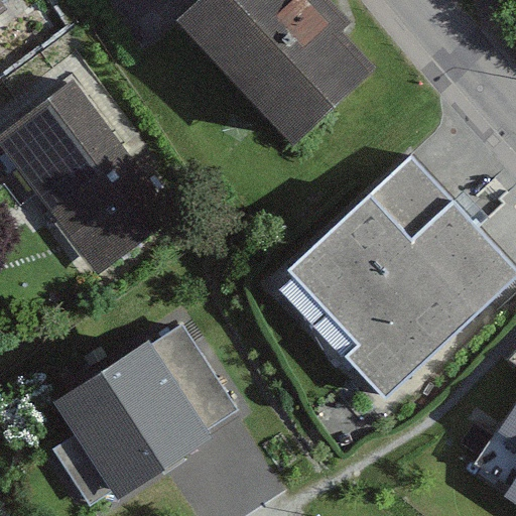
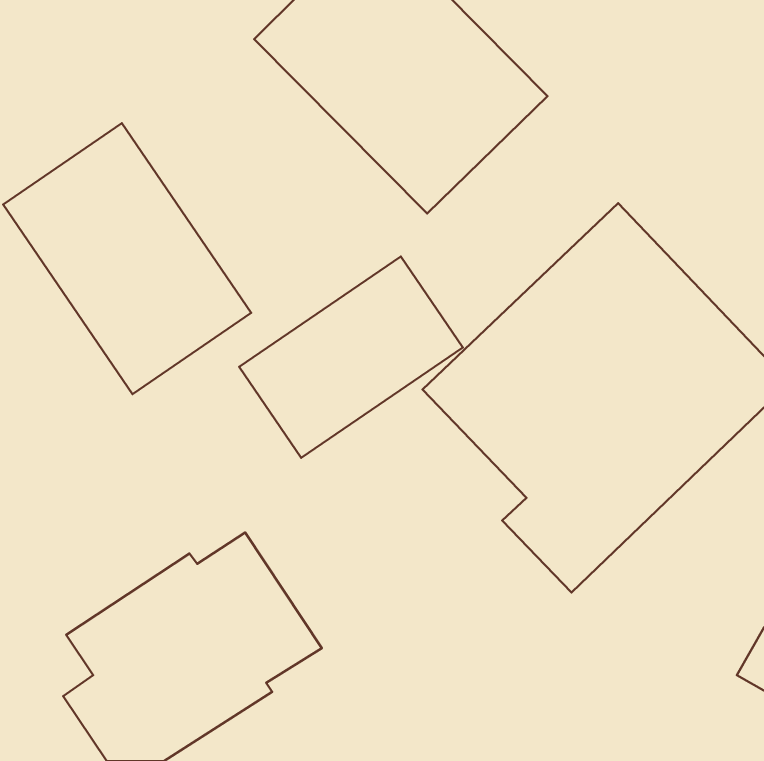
building: none -> [239,257,463,458]

